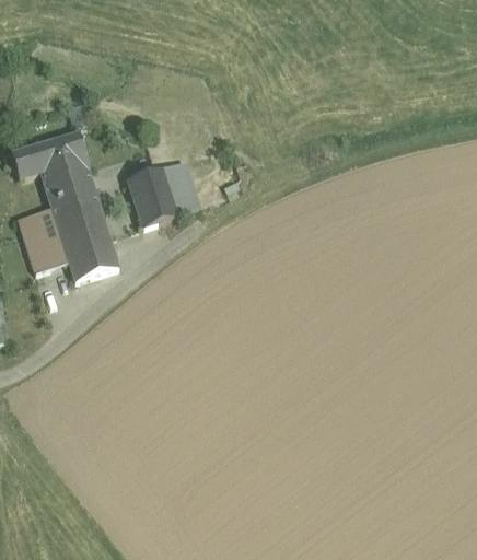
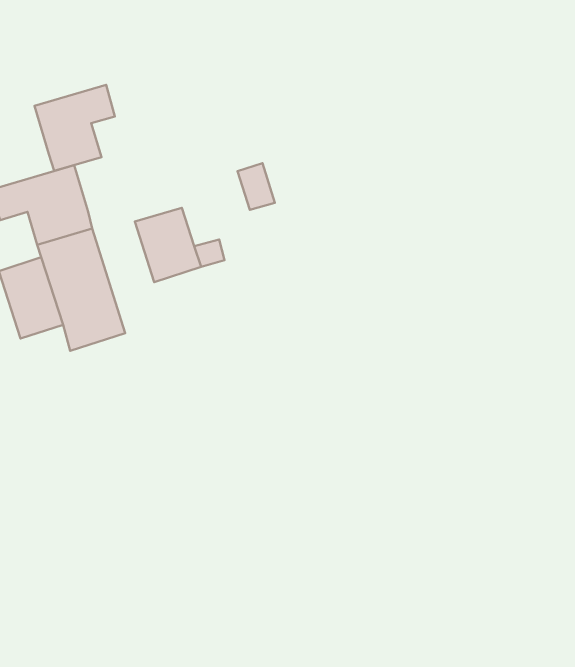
building: none -> [34,85,115,171]
building: [163,160,193,197] -> [238,163,275,210]

